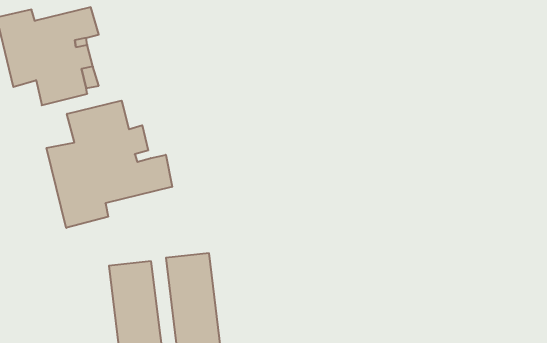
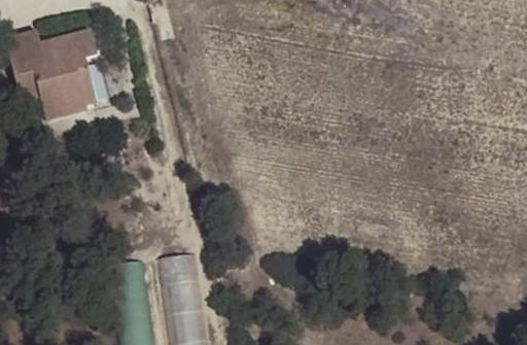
building: [47,101,172,228] -> none

